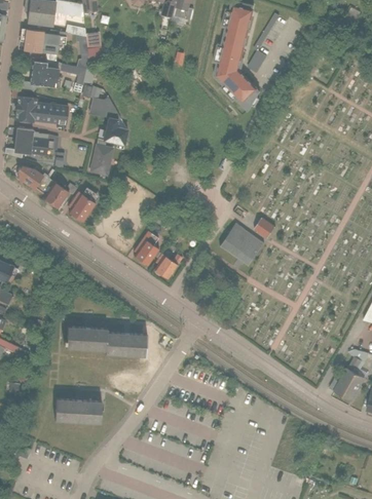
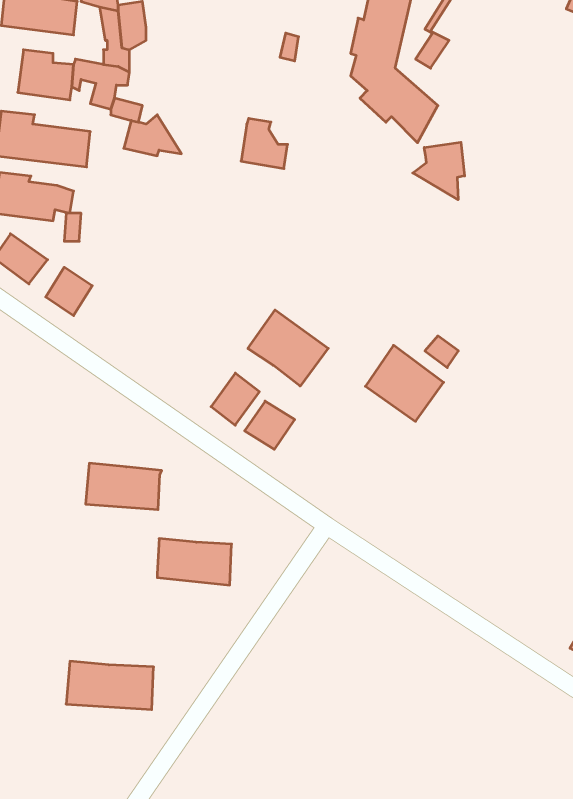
building: none -> [413,142,465,200]
building: [102,115,127,143] -> [241,118,288,169]
building: [89,143,112,175] -> none
building: [70,192,97,221] -> none
building: none -> [248,310,328,386]
building: [65,323,107,349] -> [86,463,162,510]

